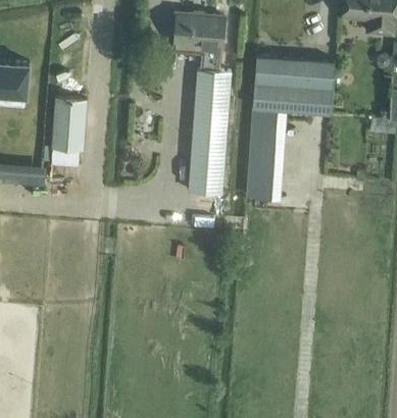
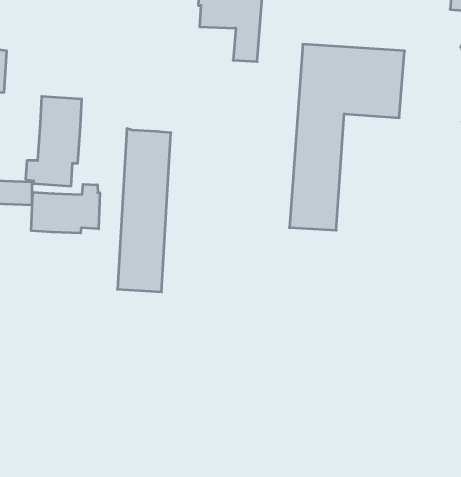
building: [190,69,231,194] -> [117,129,171,292]
building: none -> [31,184,100,233]

